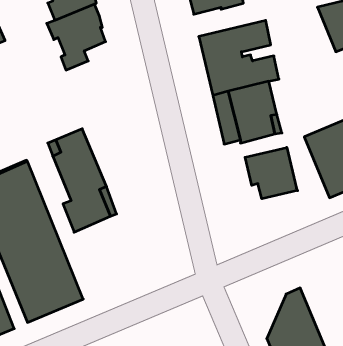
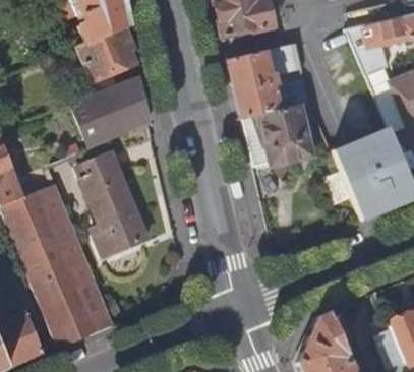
building: none -> [71,76,150,148]
building: [245,147,298,199] -> none

